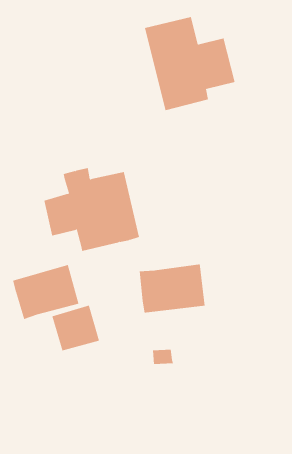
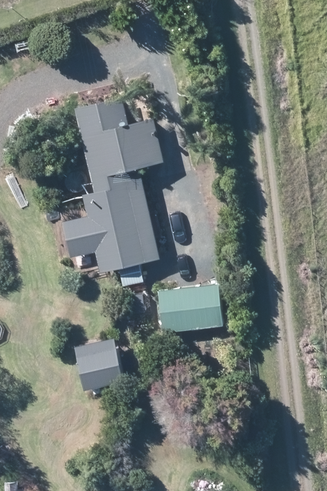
building: [144,16,236,111] -> [74,99,163,191]
building: [13,264,79,320] -> none

